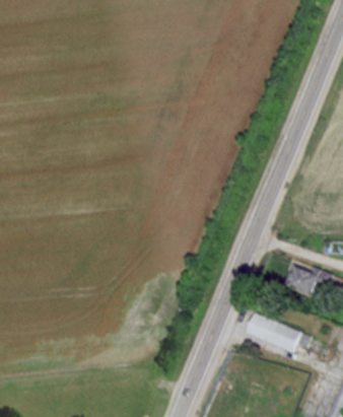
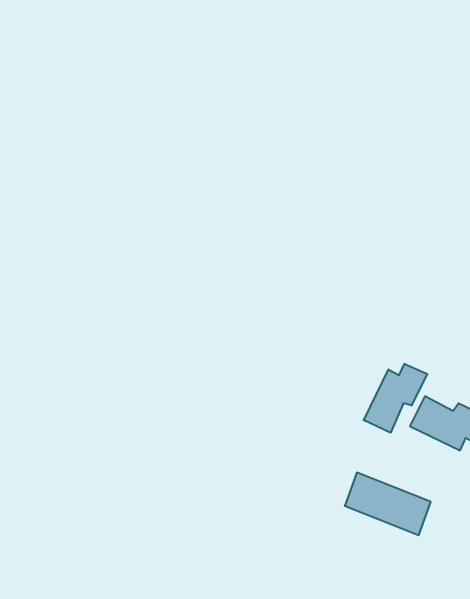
building: none -> [364,364,427,433]

